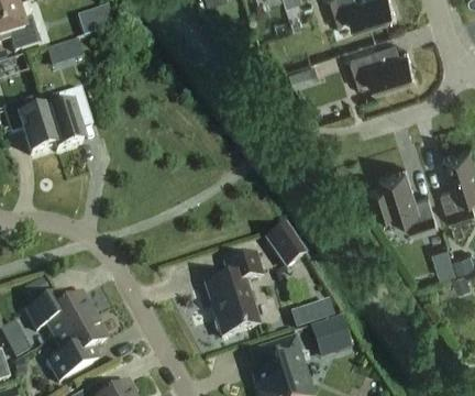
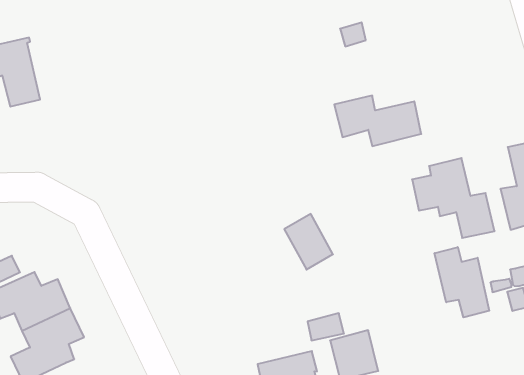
building: [343,46,417,88] -> [334,96,421,146]
building: [41,87,90,150] -> none
building: none -> [435,247,489,317]
building: [206,252,263,336] -> none

